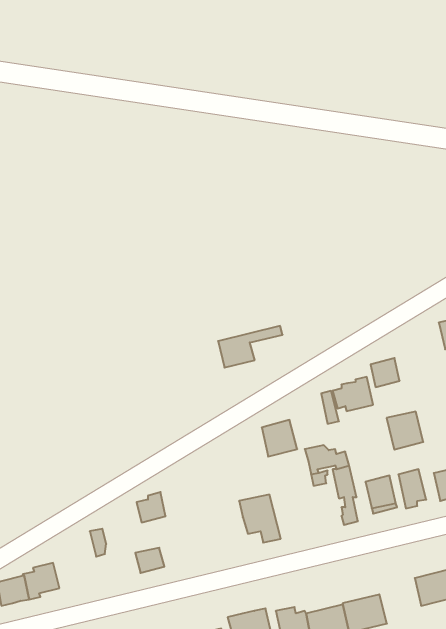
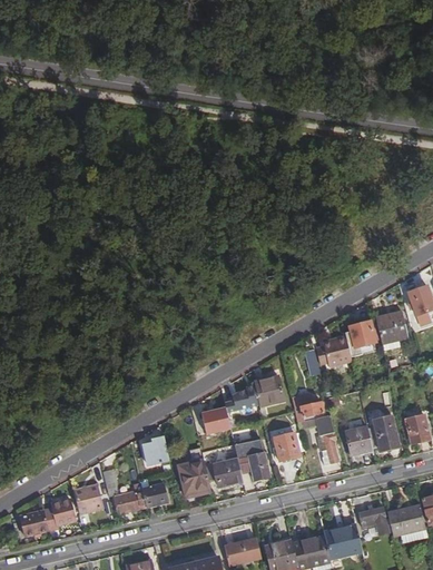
building: [218,326,283,368] -> [196,396,253,433]
building: [387,412,423,450] -> [375,312,407,345]
building: none -> [273,433,299,461]
building: none -> [211,459,242,488]
building: none -> [178,460,209,495]
building: none -> [72,485,102,515]
building: none -> [115,490,146,514]
building: none -> [358,509,387,535]

